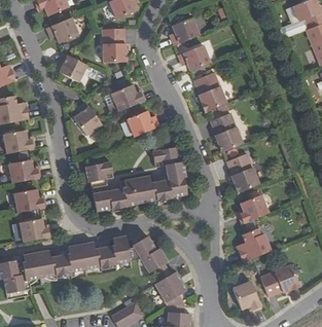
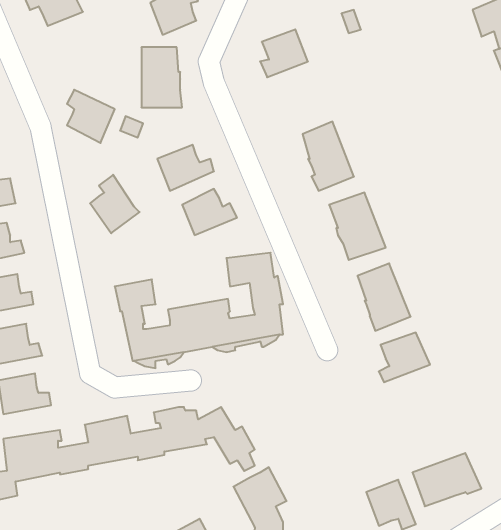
building: [46,16,78,44] -> none
building: [178,44,210,70] -> none
building: [237,226,271,261] -> none

